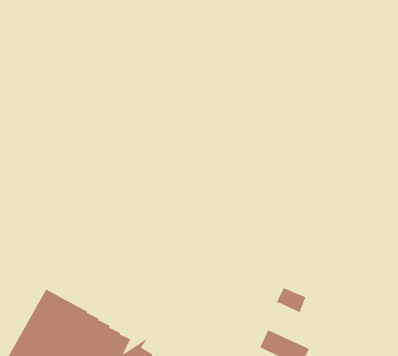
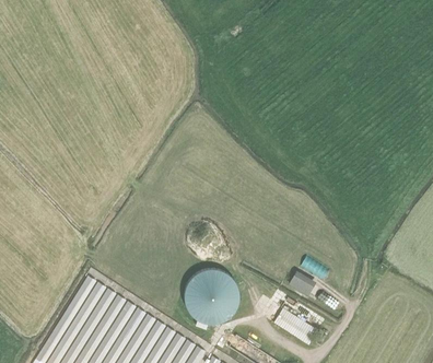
building: none -> [187,271,242,327]

